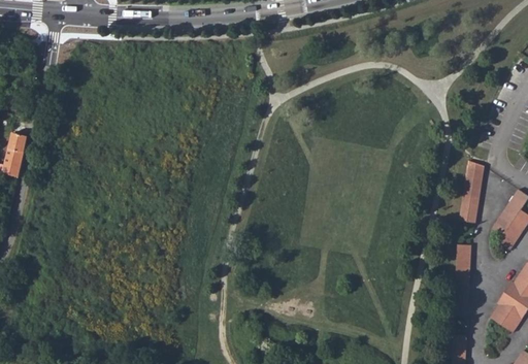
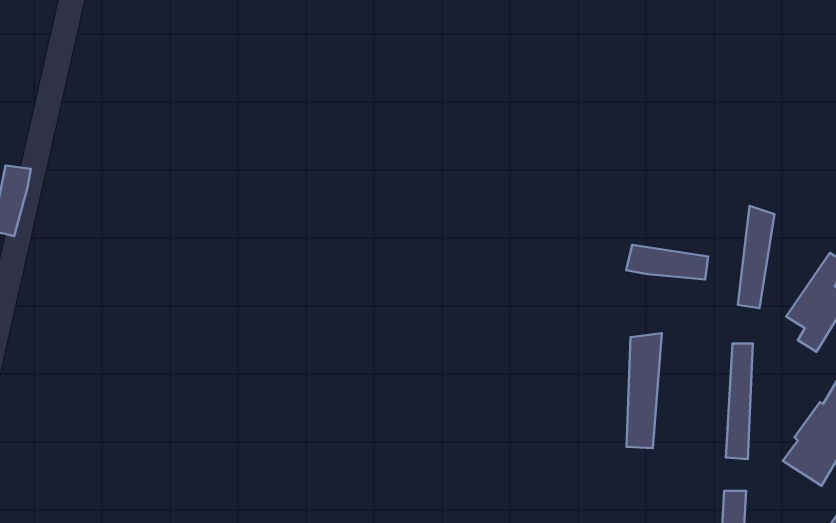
building: none -> [626,245,708,279]
building: none -> [627,333,662,448]

